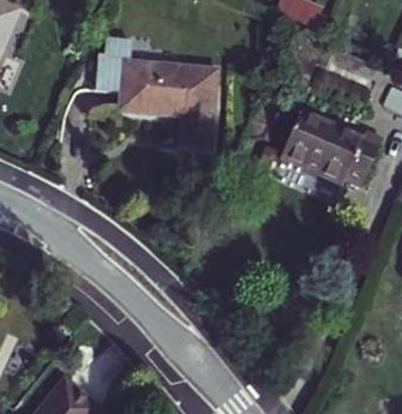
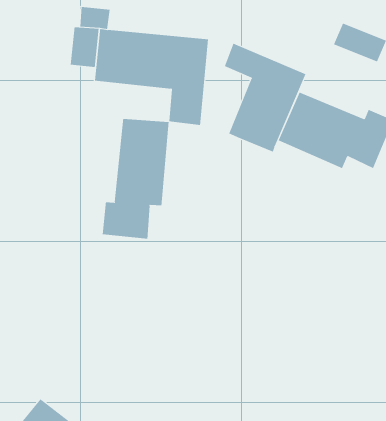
building: none -> [224,43,306,153]
building: none -> [102,118,169,239]

